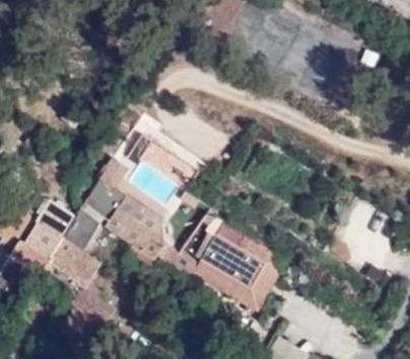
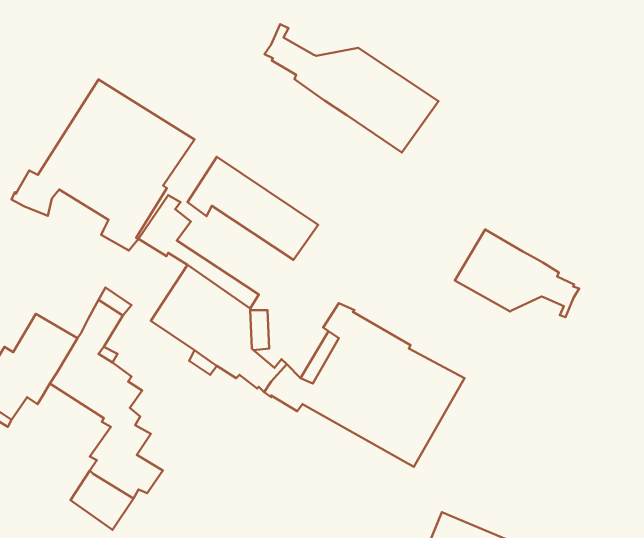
building: none -> [264,24,438,152]
building: none -> [12,79,194,251]
building: none -> [455,230,579,317]

